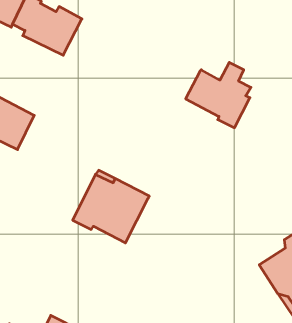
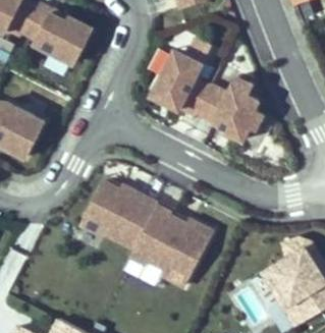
building: none -> [150,49,205,109]
building: none -> [126,205,211,287]

